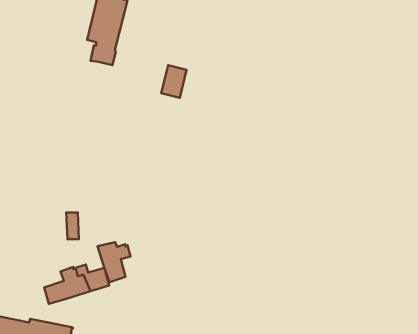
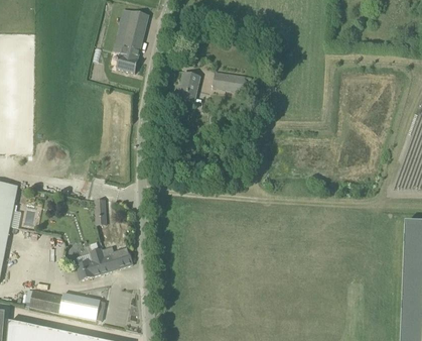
building: none -> [213,71,245,91]
building: [98,242,130,282] -> none

